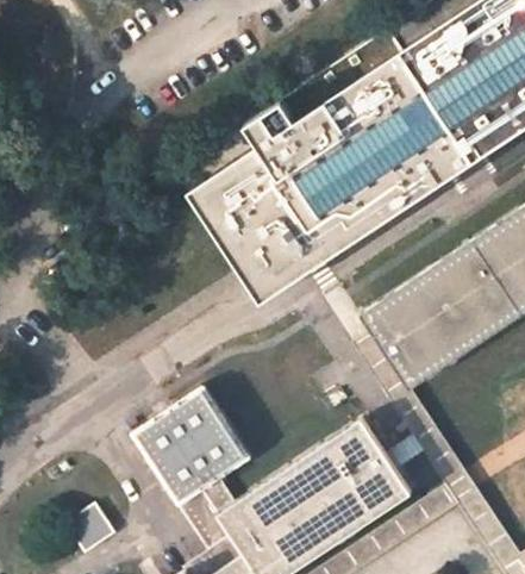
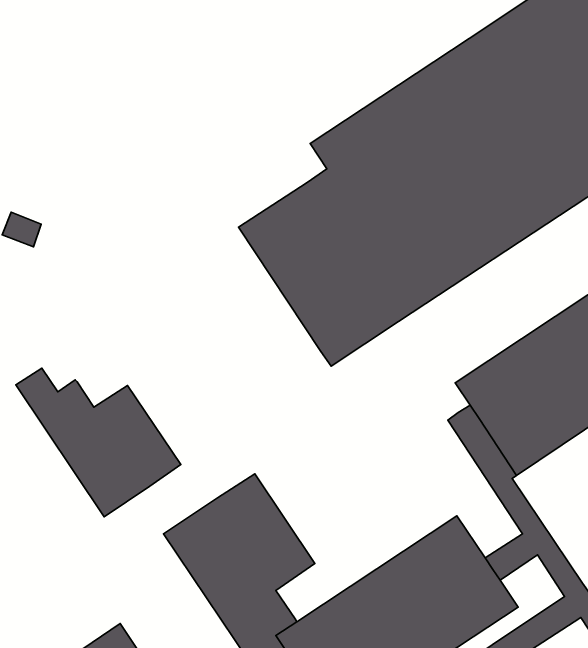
building: none -> [16,368,181,517]

